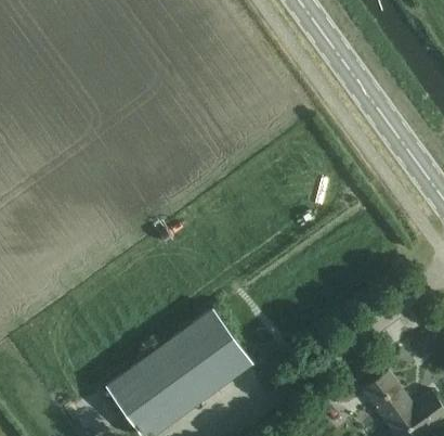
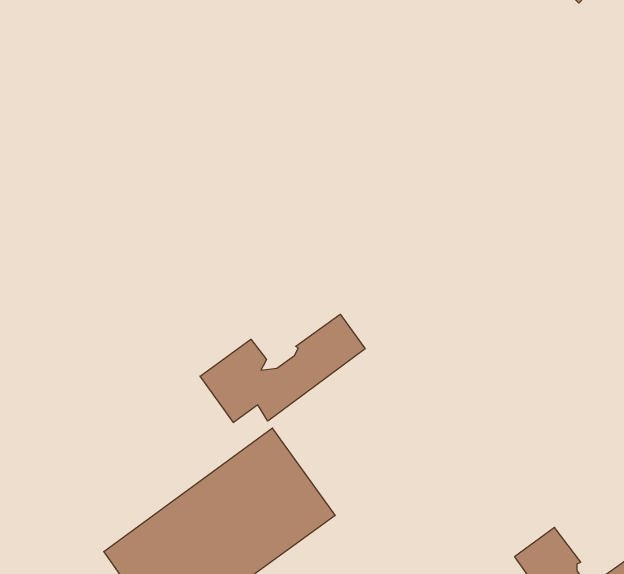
building: none -> [200,314,365,423]

